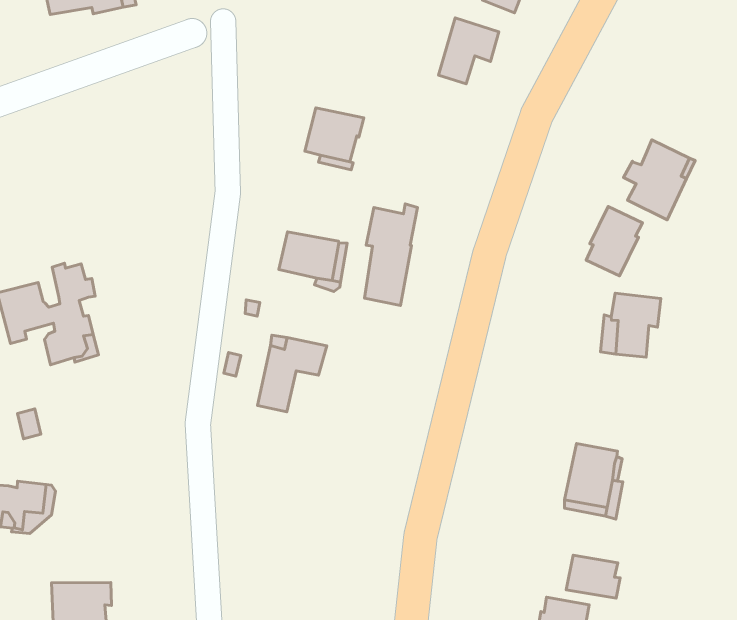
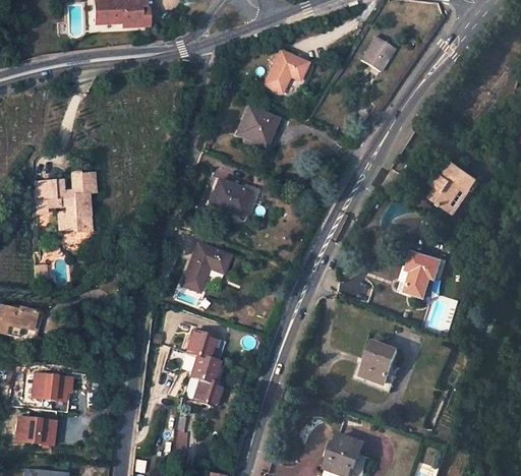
building: [438,18,499,84] -> [266,49,307,91]
building: [364,204,418,305] -> none
building: [586,206,642,276] -> none
building: none -> [187,330,223,406]
building: [566,555,620,598] -> none

